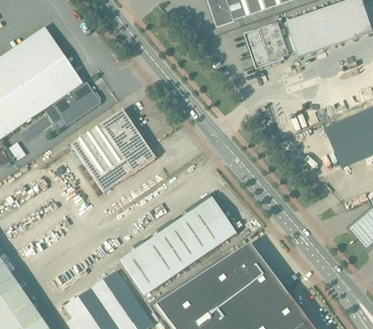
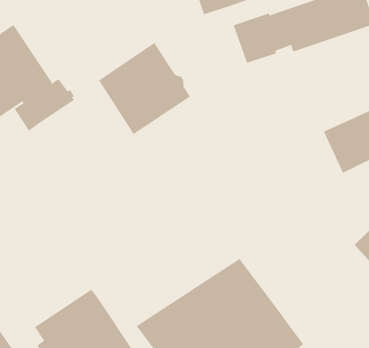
building: [72,109,156,193] -> [98,42,191,135]
building: [121,198,237,295] -> none

